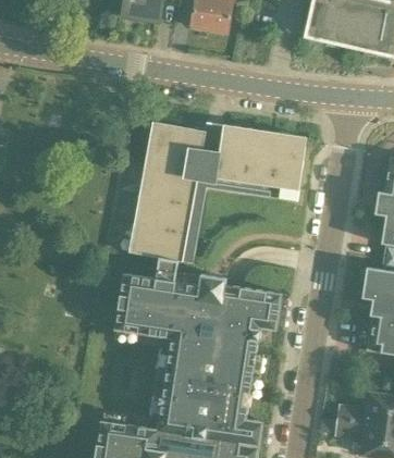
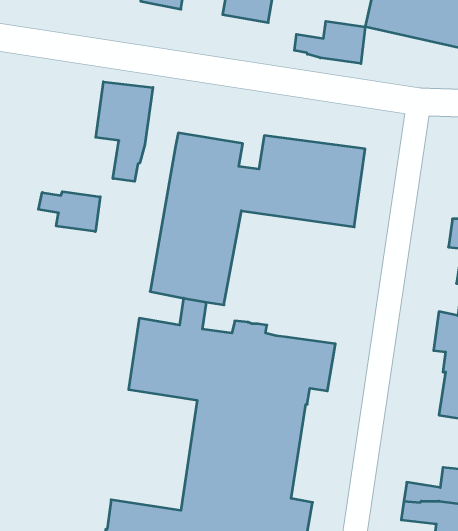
building: none -> [294,21,365,64]
building: none -> [96,82,153,181]
building: none -> [38,192,100,232]

